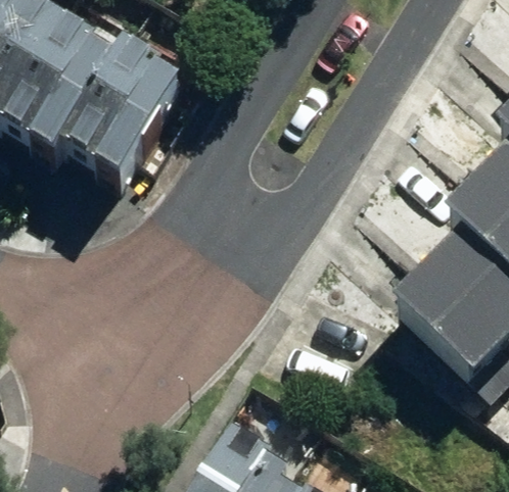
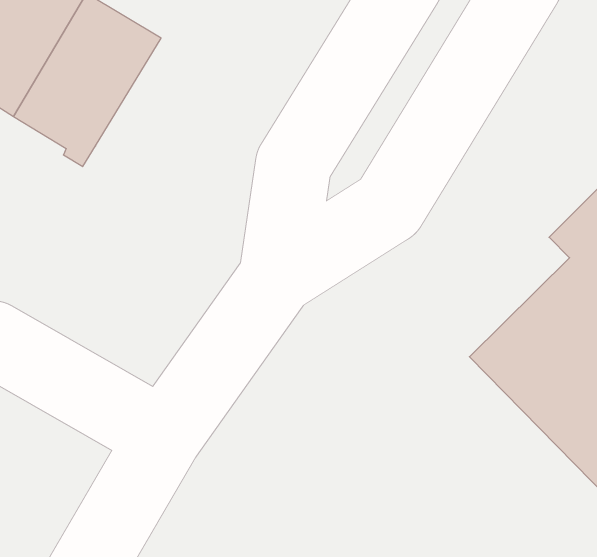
building: [82,38,205,177] -> none

